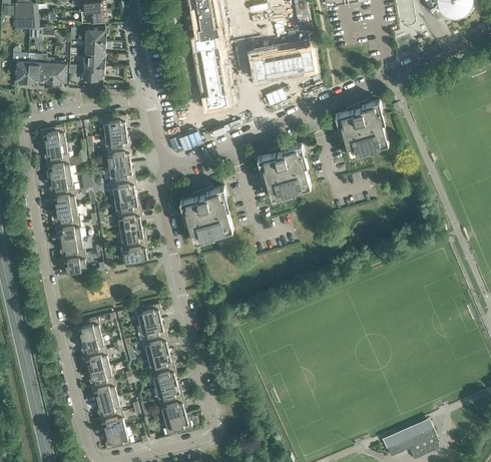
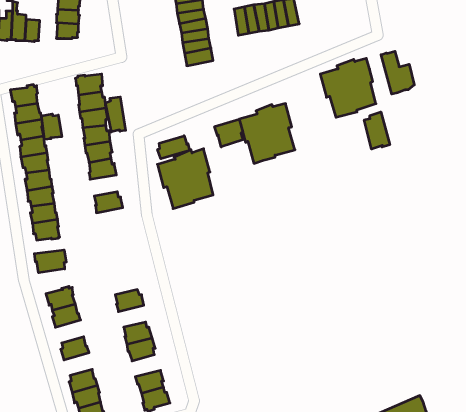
building: none -> [381,51,414,94]
building: none -> [105,97,126,132]
building: none -> [364,112,390,149]
building: none -> [41,114,62,140]
building: none -> [215,119,243,147]
building: none -> [158,136,189,159]
building: [114,211,141,232] -> none
building: [120,243,147,265] -> none
building: none -> [34,250,66,273]
building: [133,304,160,326] -> none
building: [141,336,168,357] -> none
building: [81,350,108,372] -> none
building: [89,381,116,403] -> none
building: [154,383,181,404] -> none

